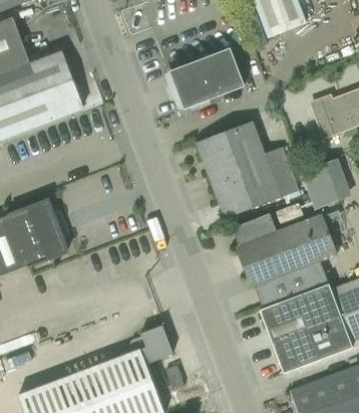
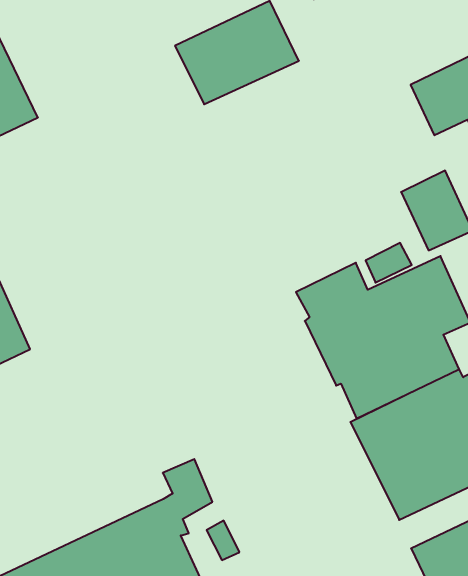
building: [197,121,300,217] -> none

